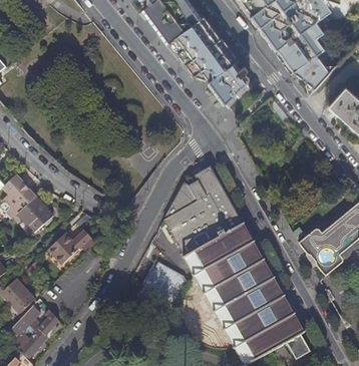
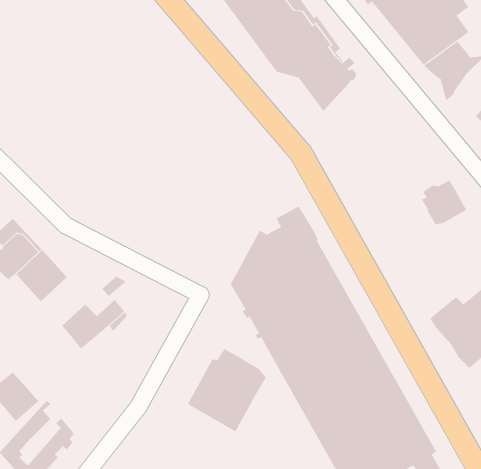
building: none -> [421,180,467,225]

